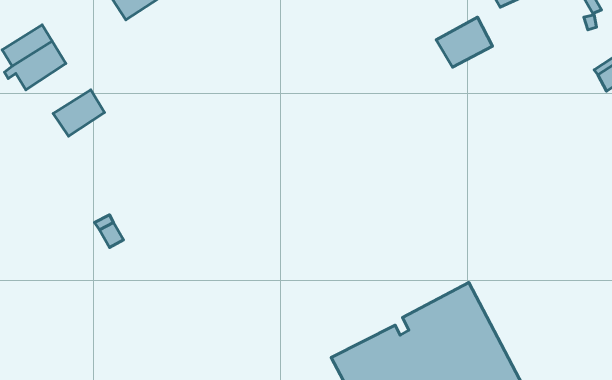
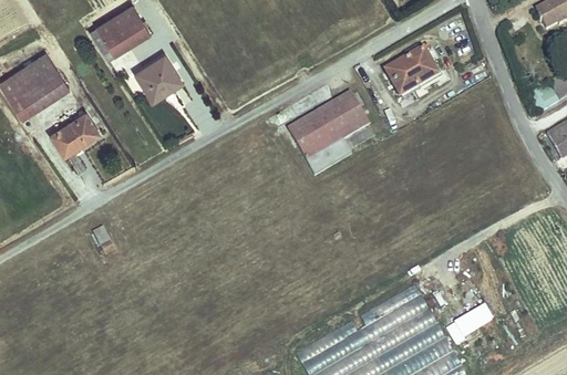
building: none -> [136,51,183,94]
building: none -> [287,90,368,164]
building: none -> [454,303,496,337]

